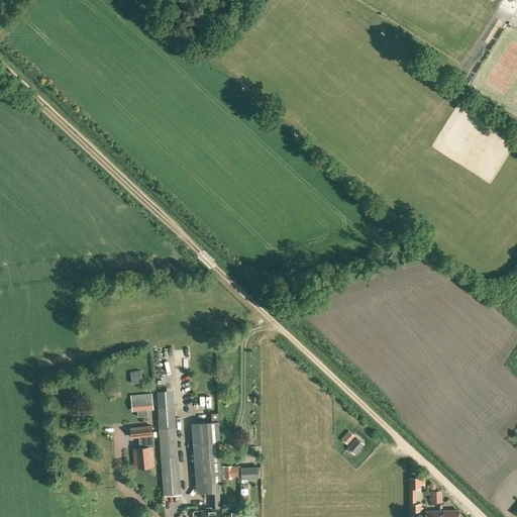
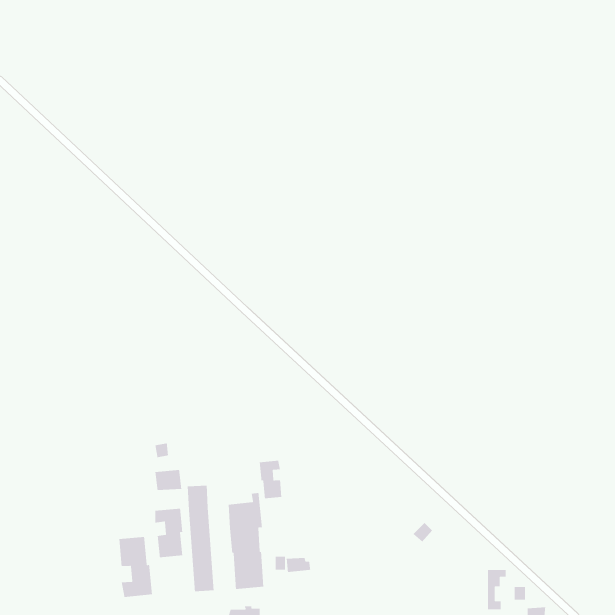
building: none -> [259,460,282,499]
building: none -> [119,536,153,598]

